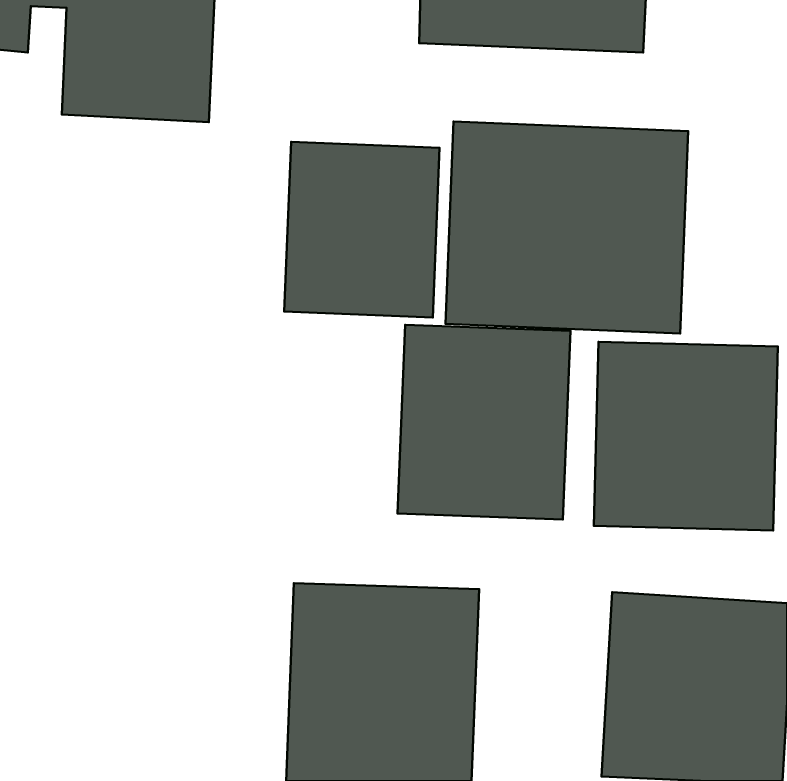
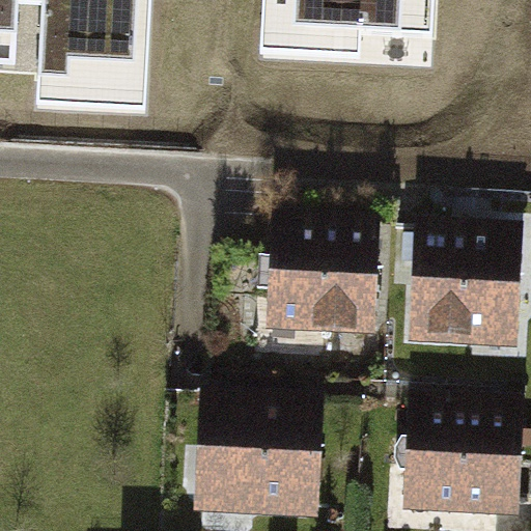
building: [445,121,688,334] -> none
building: [284,142,440,318] -> none

